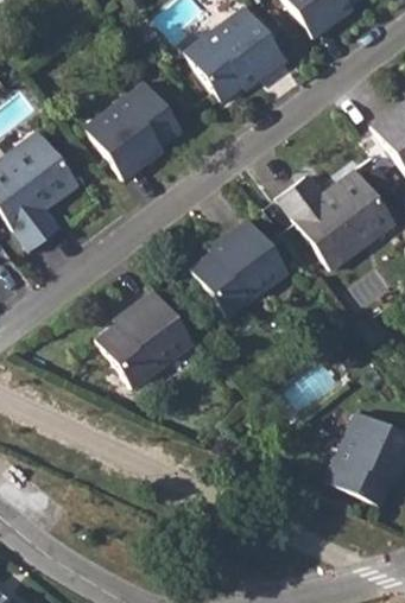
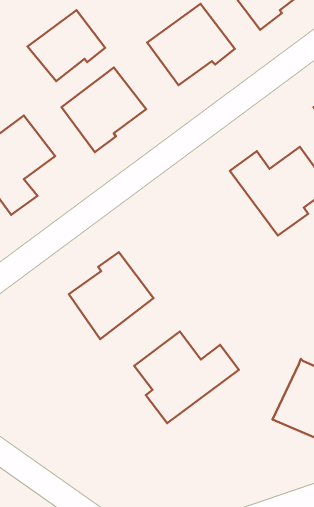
building: none -> [28,10,105,81]
building: [191,217,287,316] -> none
building: none -> [134,331,239,423]

